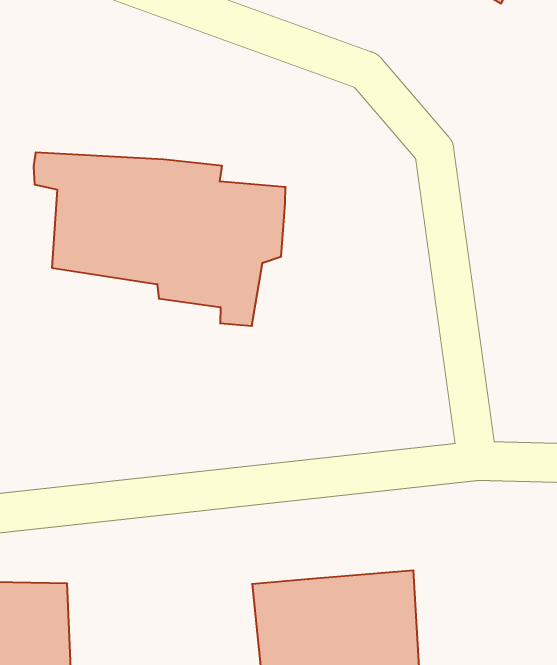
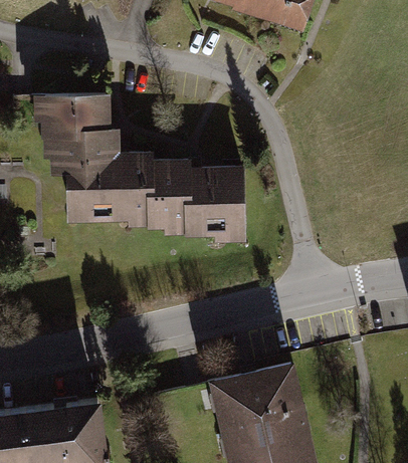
building: none -> [36,91,124,158]
building: none -> [186,163,250,242]

